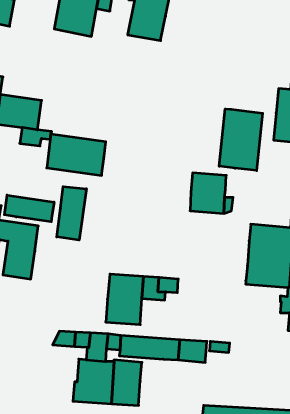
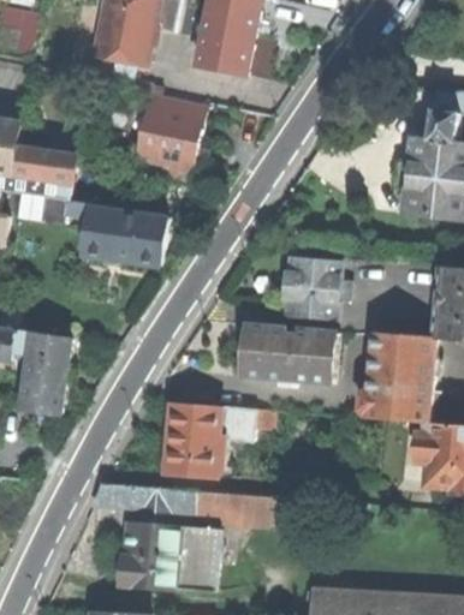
building: none -> [132,92,202,180]
building: [219,109,263,171] -> none
building: [57,187,86,240] -> none
building: [4,195,54,222] -> none
building: none -> [240,324,335,383]

